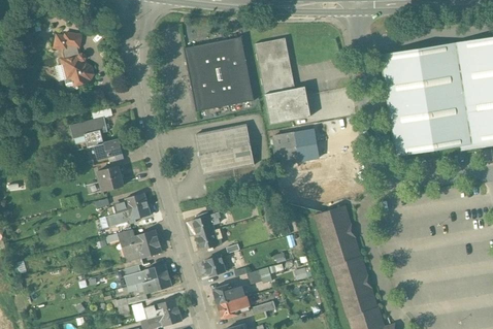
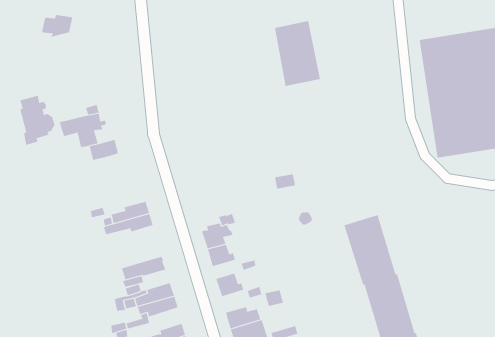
building: [185,37,253,110] -> none
building: [62,47,93,91] -> [19,95,55,146]
building: [264,86,310,124] -> none
building: [196,124,254,174] -> none
building: [273,128,319,164] -> none
building: [97,165,123,191] -> none
building: [117,228,158,251] -> none

